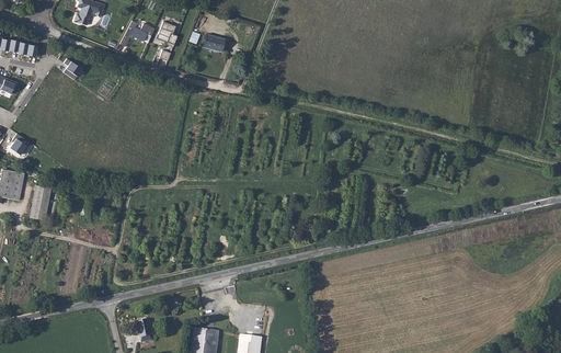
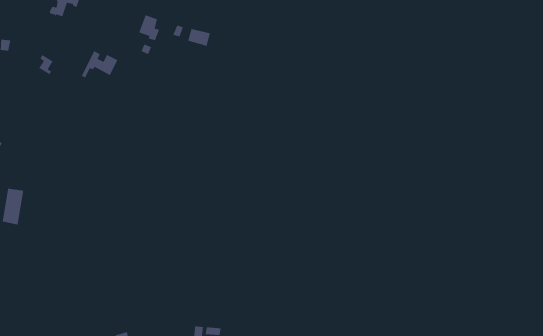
building: [119,19,154,45] -> [81,50,118,78]

